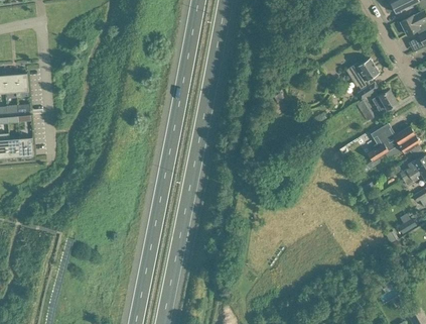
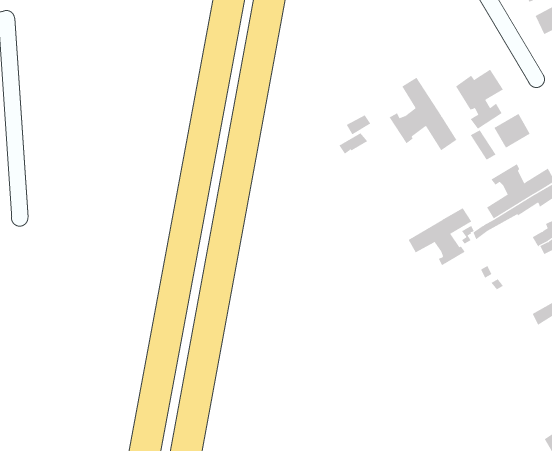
building: none -> [389,77,457,151]
building: none -> [408,207,472,266]

